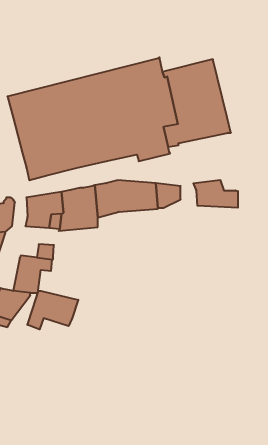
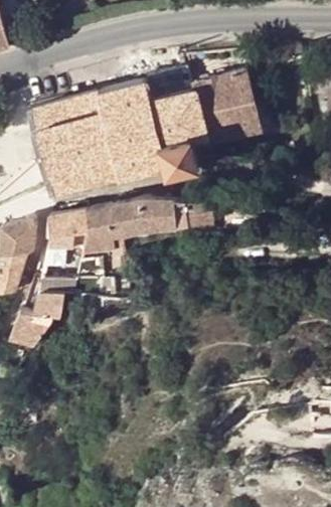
building: [193,180,238,208] -> none
building: [27,291,78,329] -> none

